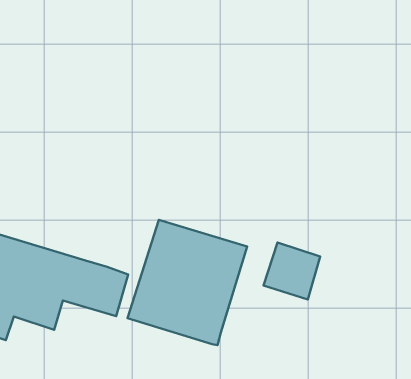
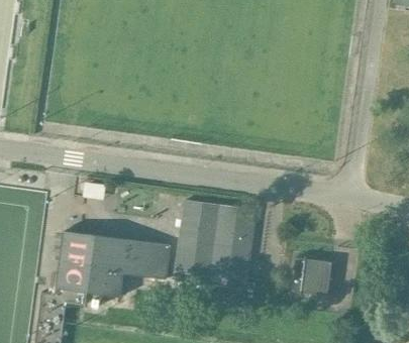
building: [264,243,320,299] -> [291,256,330,296]

